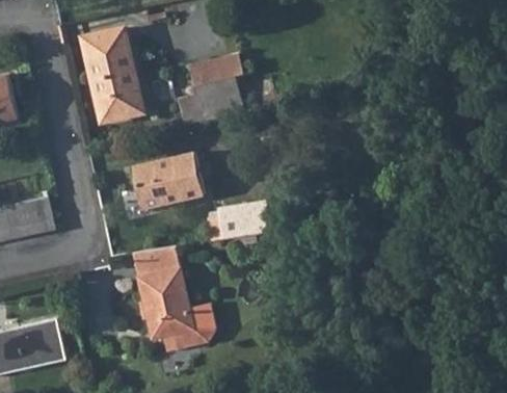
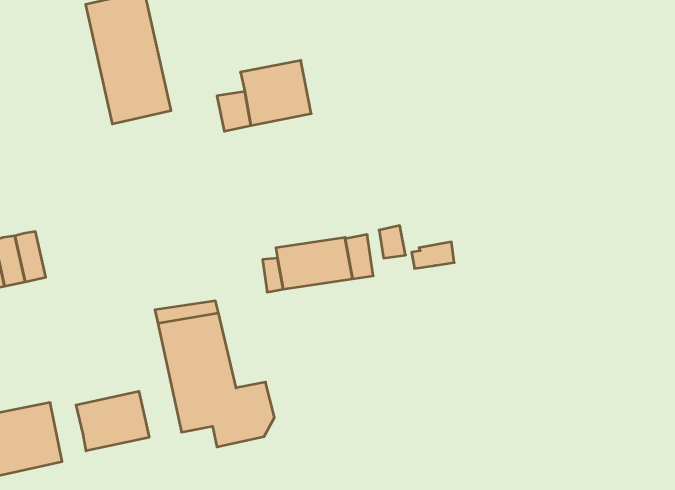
building: [187,56,242,85] -> none
building: [132,153,203,209] -> none
building: none -> [76,391,149,451]

